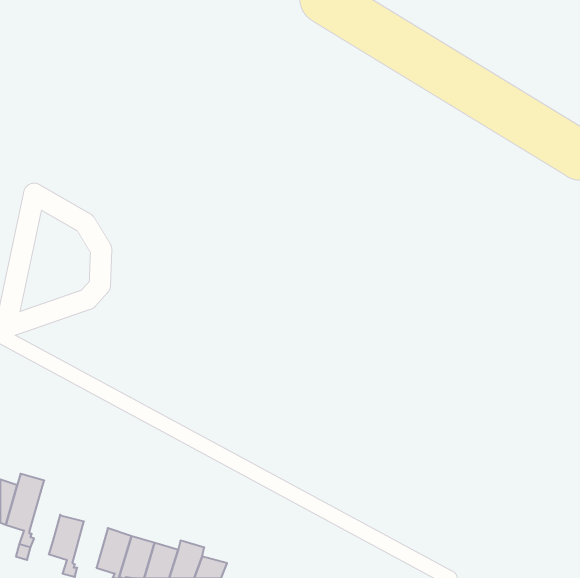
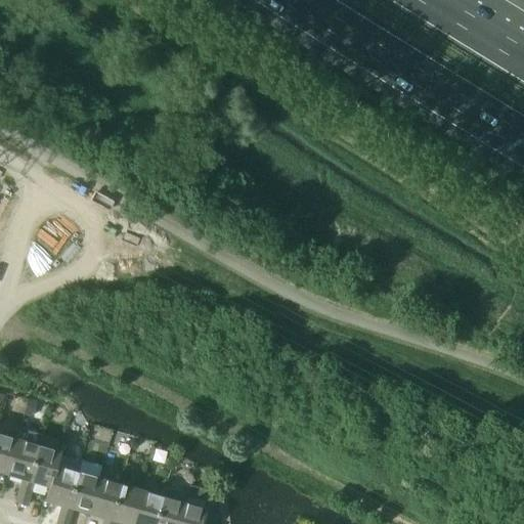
building: none -> [27,444,59,486]
building: none -> [66,471,97,513]

